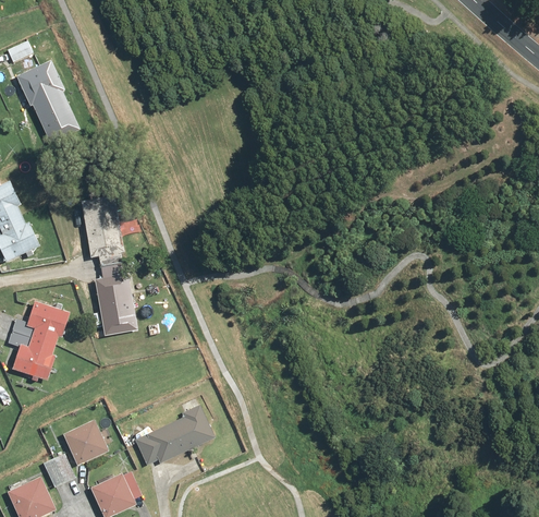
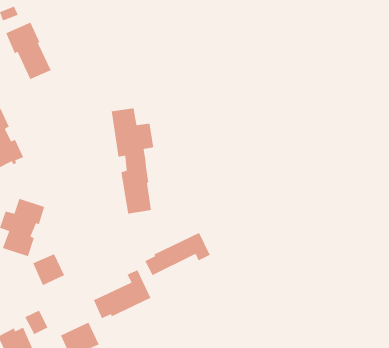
building: [81,192,139,337] -> [111,108,154,215]
building: none -> [144,232,211,276]
building: [63,421,108,466] -> [32,253,65,286]

